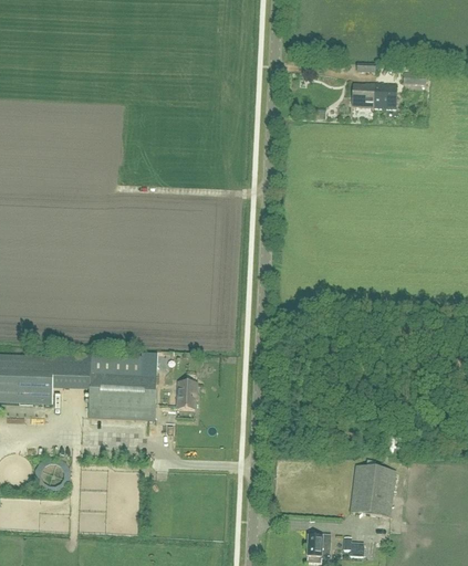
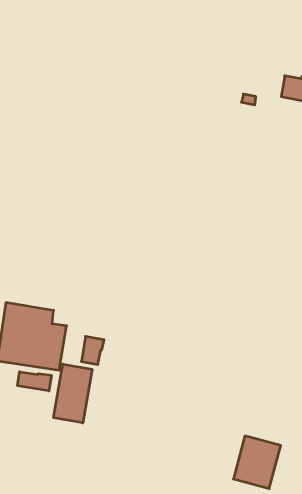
building: none -> [54,364,92,423]
building: none -> [18,372,51,391]

